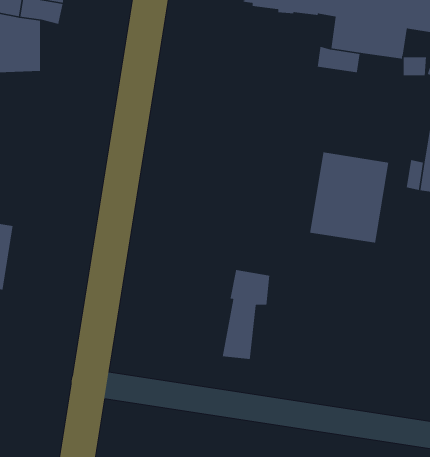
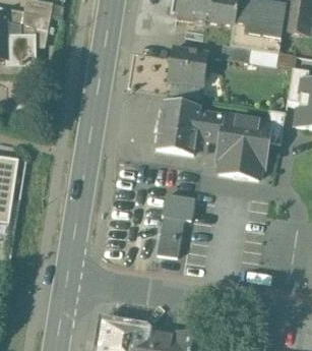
building: none -> [168,46,208,84]
building: none -> [157,102,224,152]

